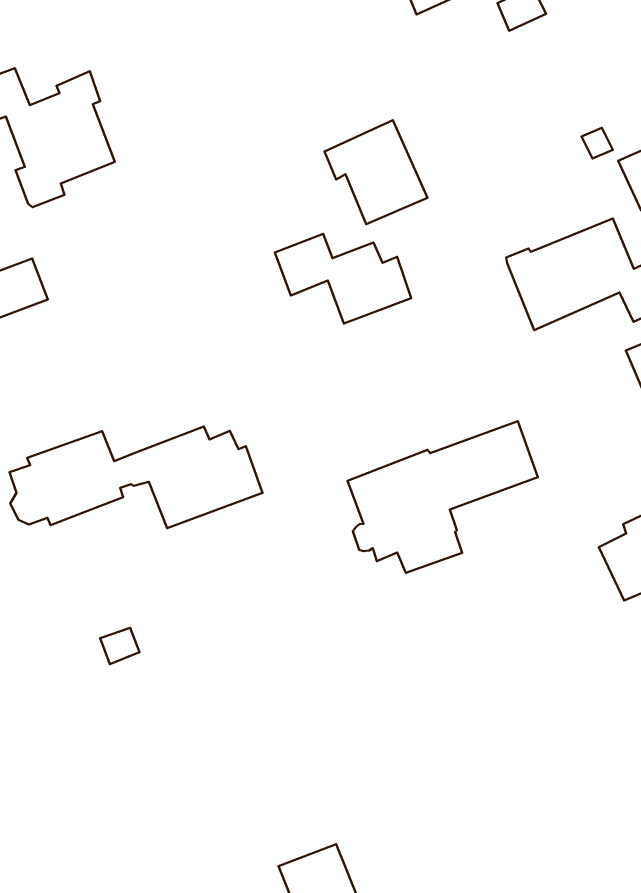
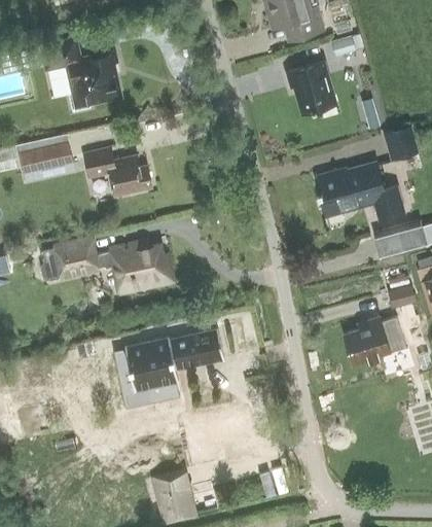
building: [324,120,427,224] -> [285,62,335,114]
building: [275,234,411,323] -> [83,148,151,197]
building: [347,421,538,573] -> [123,328,224,399]

